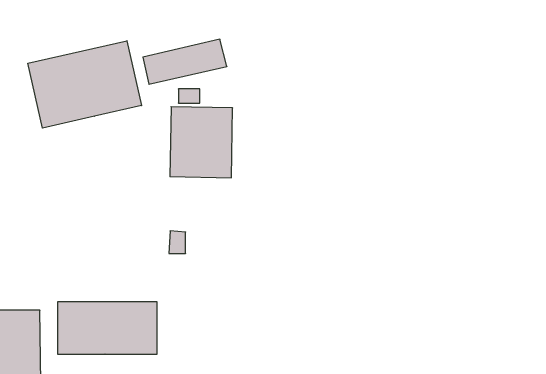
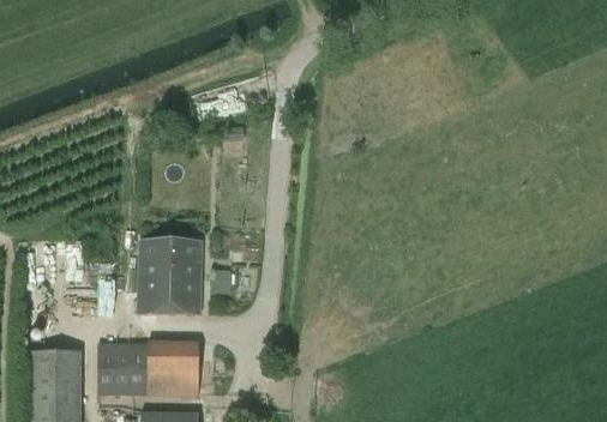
building: [28,41,142,128] -> none
building: [170,107,233,178] -> [138,241,202,313]

